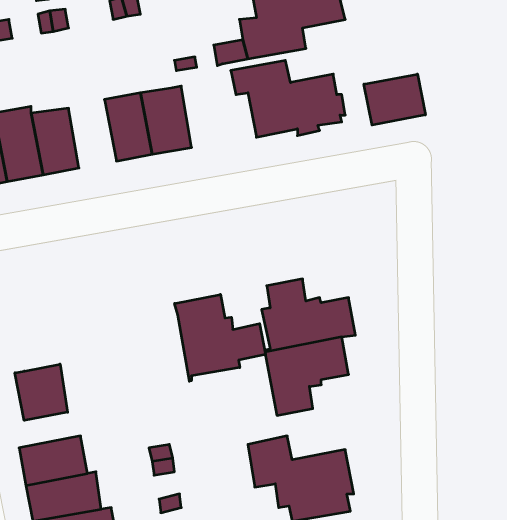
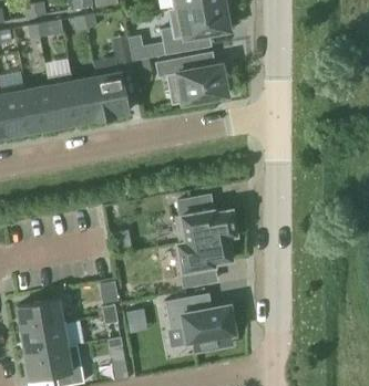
building: [364,74,425,125] -> none
building: none -> [48,75,80,125]
building: [175,294,265,381] -> none
building: [15,364,68,420] -> none

